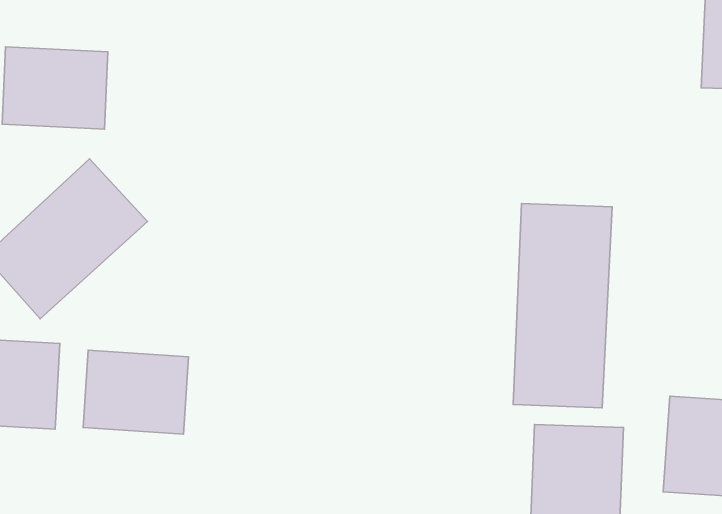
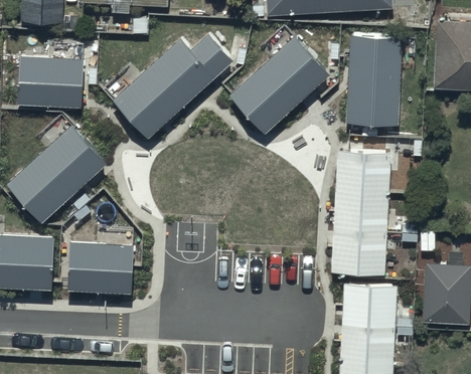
building: none -> [113,33,232,137]
building: none -> [229,36,329,133]
building: none -> [345,36,401,124]

